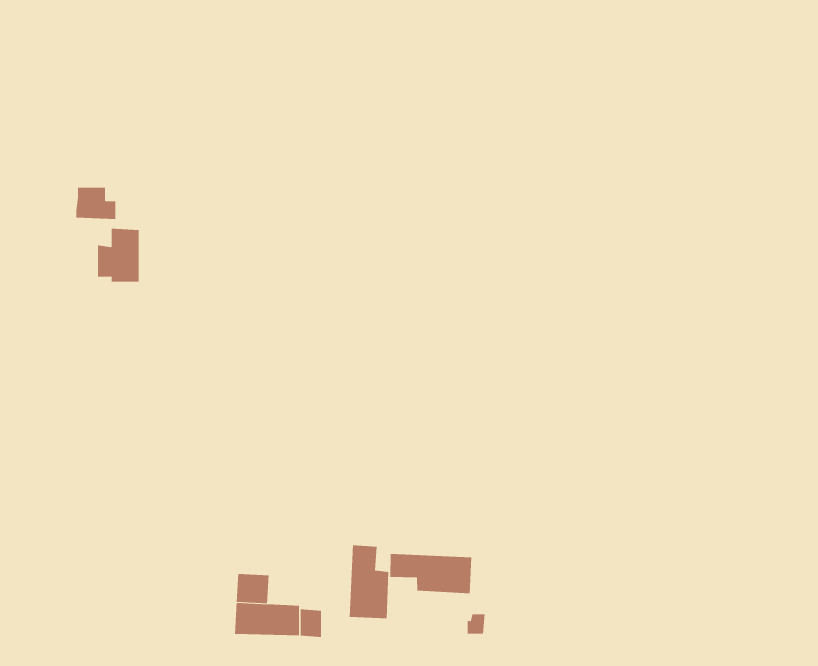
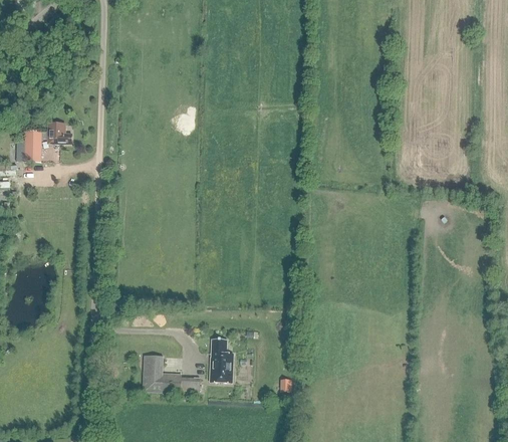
building: [97,228,139,282] -> [16,129,41,161]
building: [390,553,472,594] -> none

